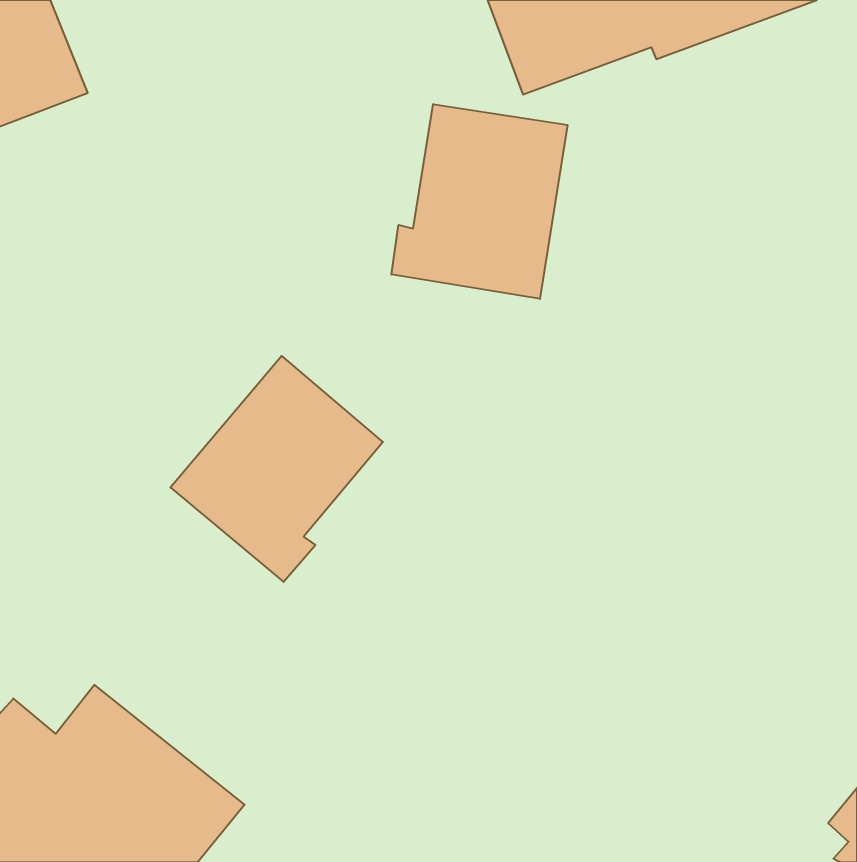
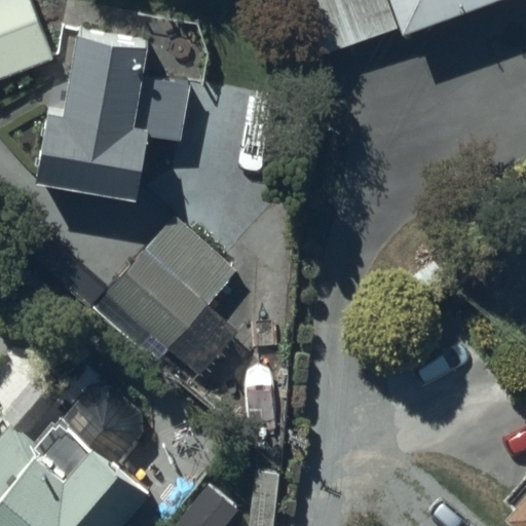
building: none -> [35,26,190,202]
building: [391,104,567,299] -> none

